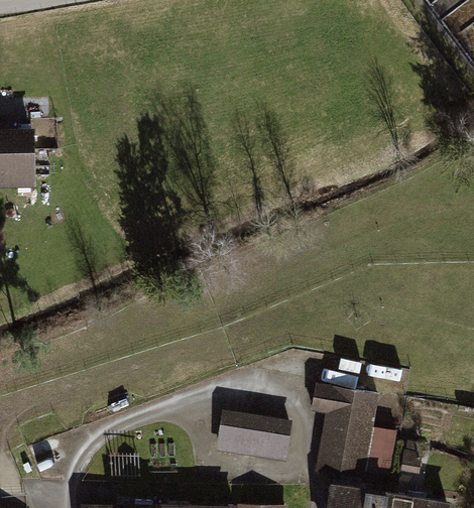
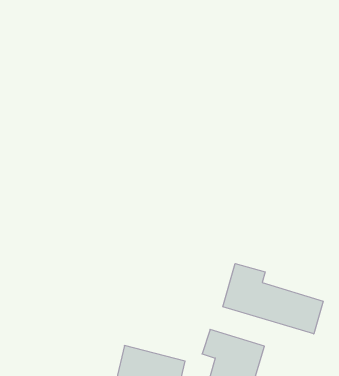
building: none -> [223,264,323,334]

